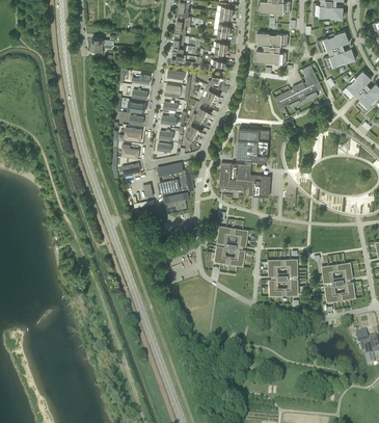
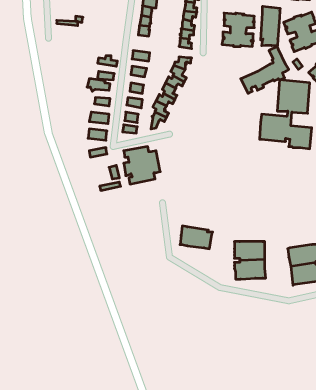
building: none -> [261,6,280,46]
building: [219,129,271,197] -> [260,80,312,149]
building: [216,227,249,248] -> none

